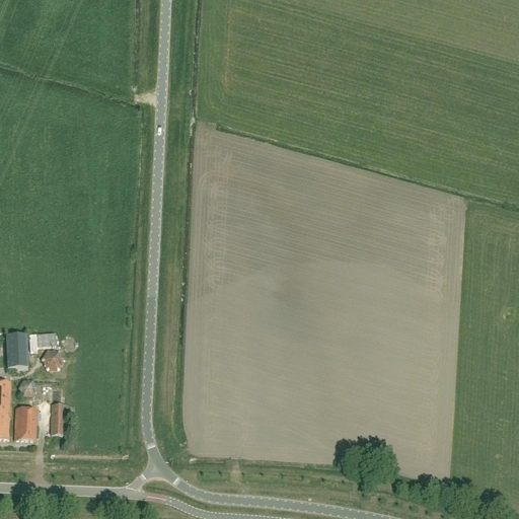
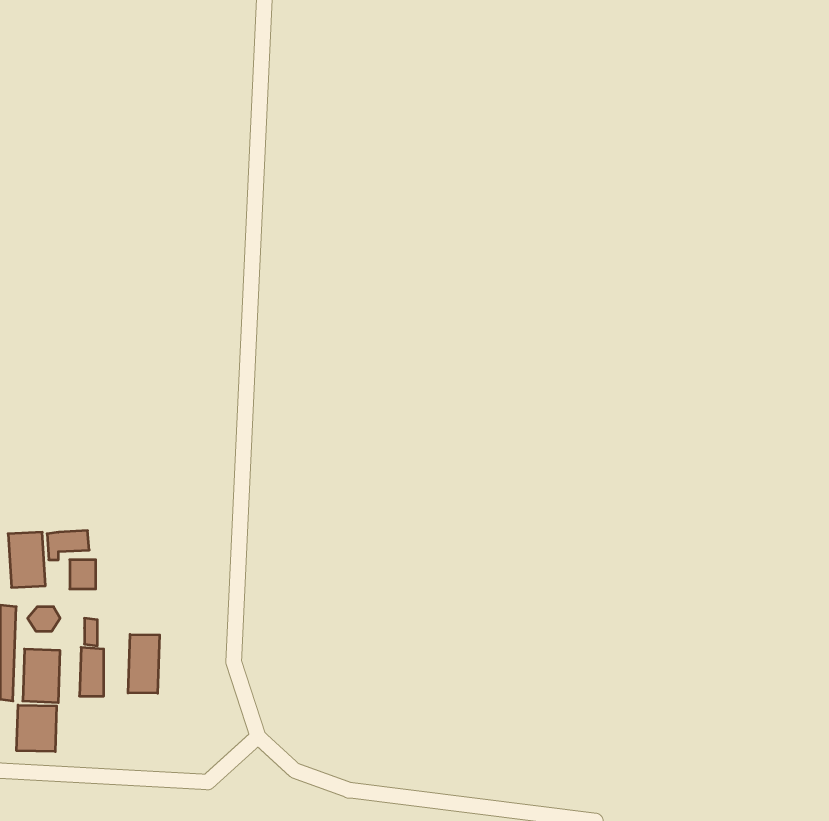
building: none -> [128,634,160,693]
building: none -> [17,705,57,752]

